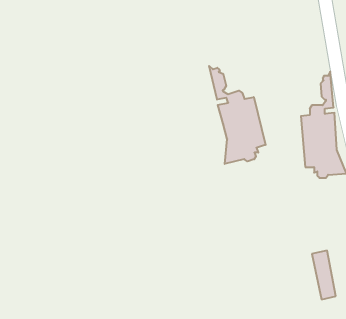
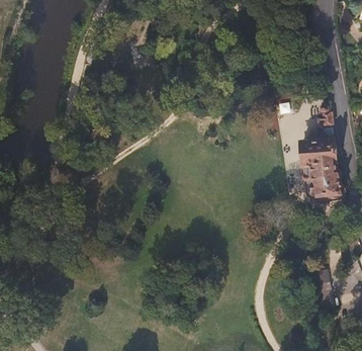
building: [209,66,266,164] -> none

